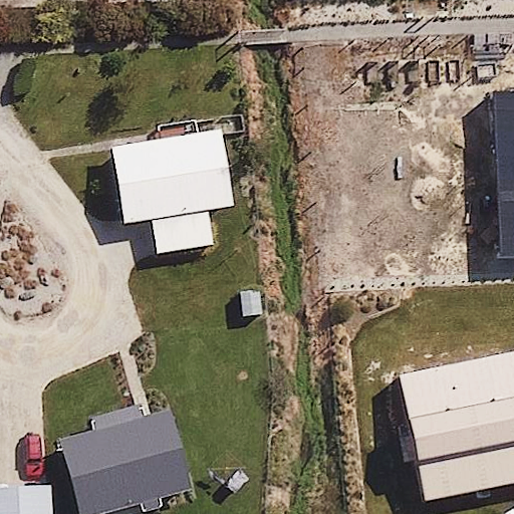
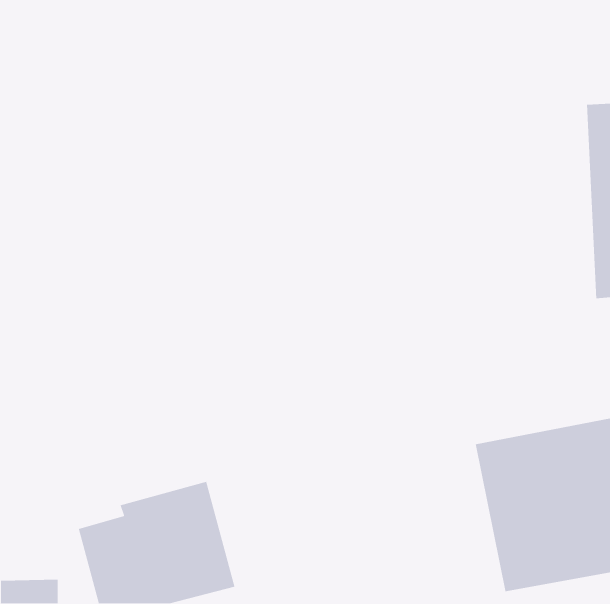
building: [111,137,228,255] -> none

